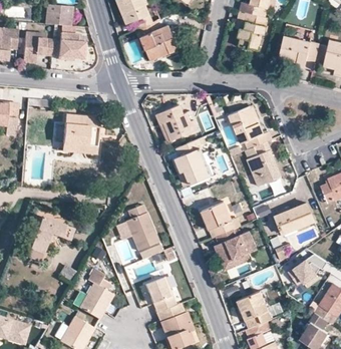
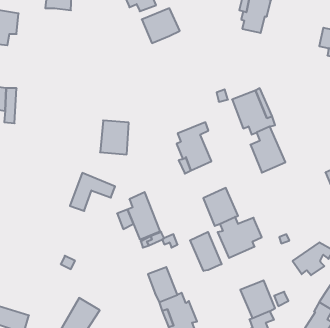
building: [24,32,48,63] -> none
building: [60,33,87,60] -> none
building: [279,36,318,68] -> none
building: [156,104,197,140] -> none
building: [63,113,91,146] -> [100,120,129,154]
building: [274,202,314,234] -> none
building: [30,217,74,254] -> [70,173,115,211]
building: none -> [190,232,222,271]
building: [79,269,113,320] -> none

